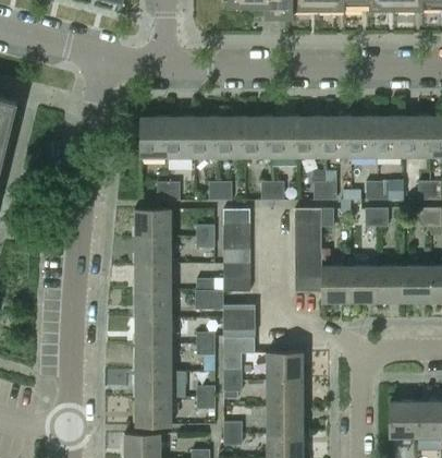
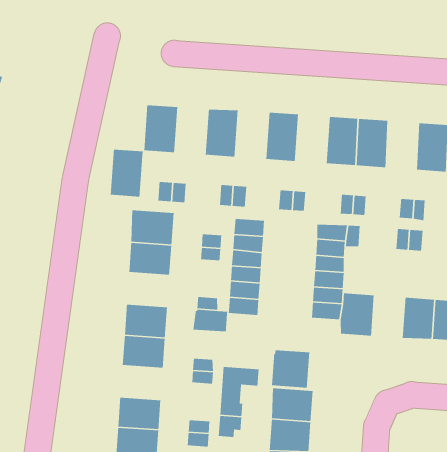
building: [220,116,246,157] -> none
building: [272,116,298,157] -> none
building: [349,116,377,157] -> none
building: [168,117,194,157] -> [110,149,143,197]
building: [135,263,171,290] -> none
building: [348,267,375,303] -> none
building: [222,305,254,337] -> [271,349,310,388]
building: [135,343,171,371] -> none

